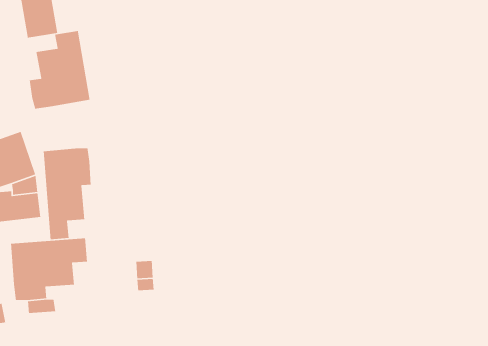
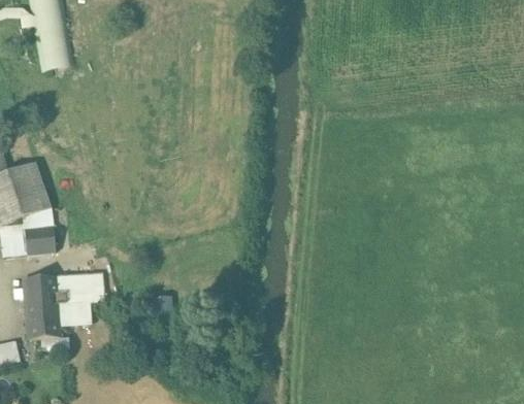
building: [29,30,90,109] -> none
building: [43,148,92,240] -> none

